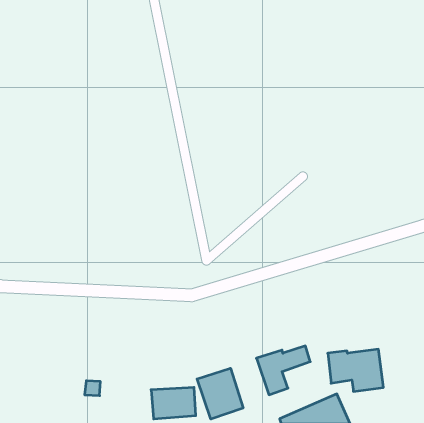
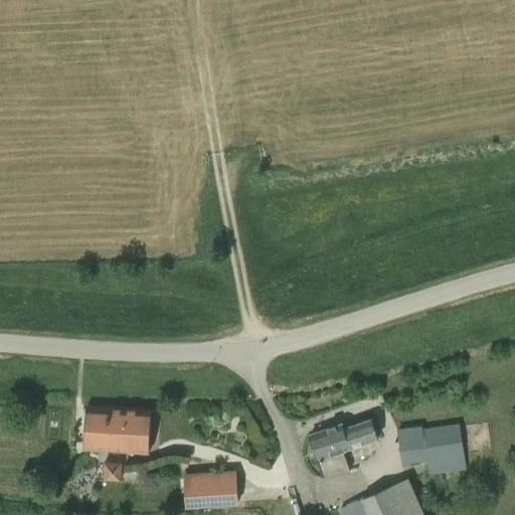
building: none -> [87,406,149,452]
building: [197,368,243,419] -> none

